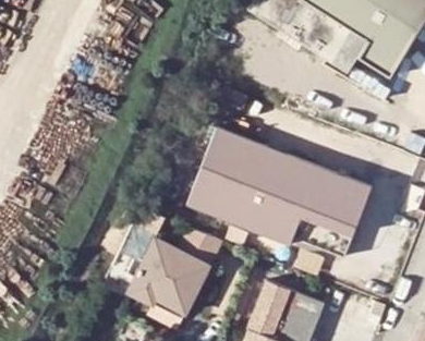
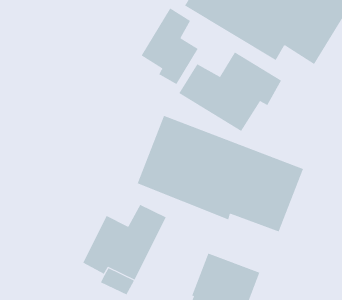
building: none -> [141,7,199,85]
building: none -> [179,51,282,132]

